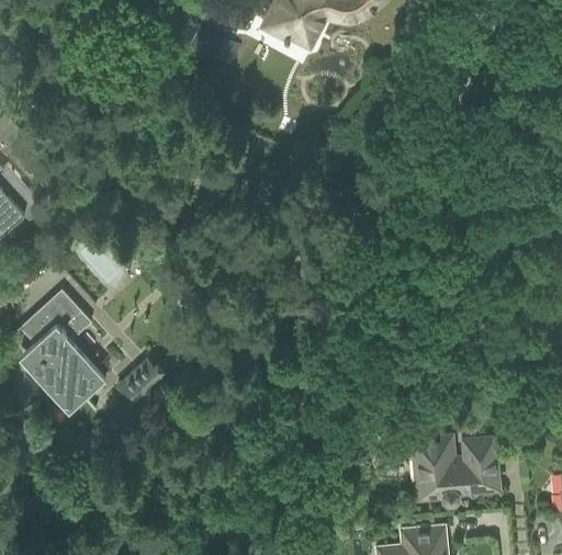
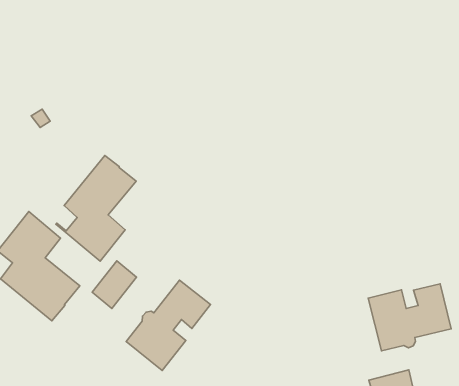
building: none -> [56,156,136,261]
building: none -> [126,280,210,370]

